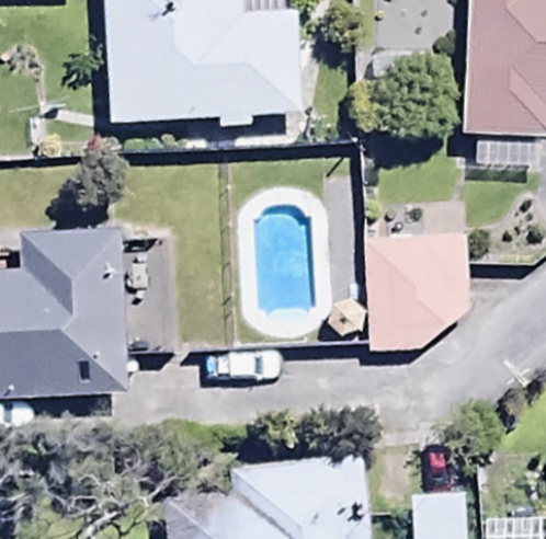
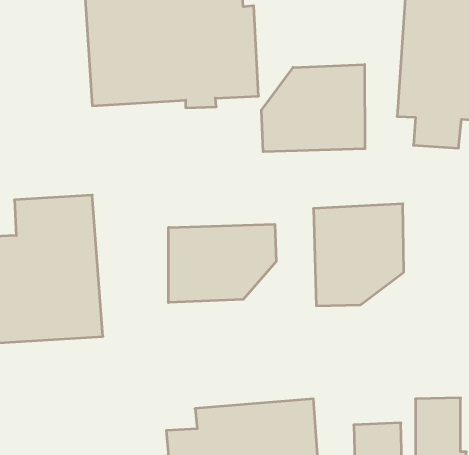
building: none -> [261,64,365,152]
building: none -> [168,224,276,303]

